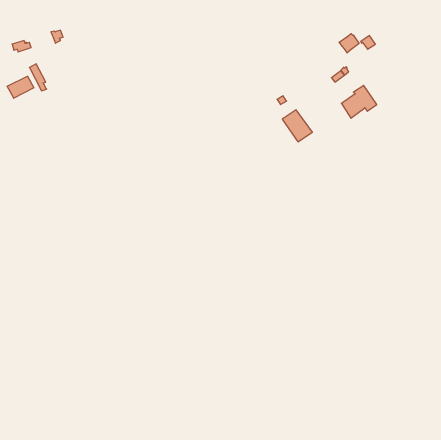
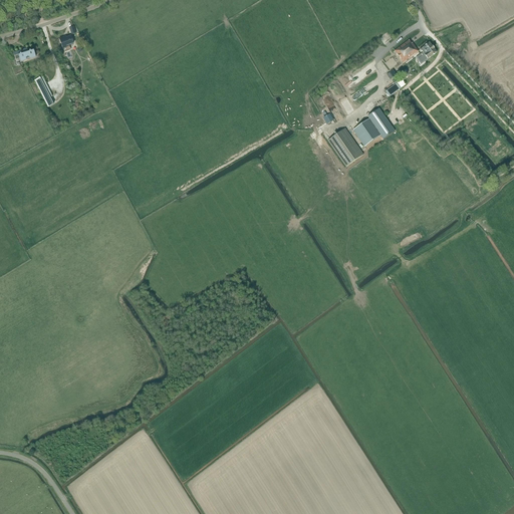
building: [7,76,34,98] -> none
building: [341,85,377,118] -> [353,107,395,146]

